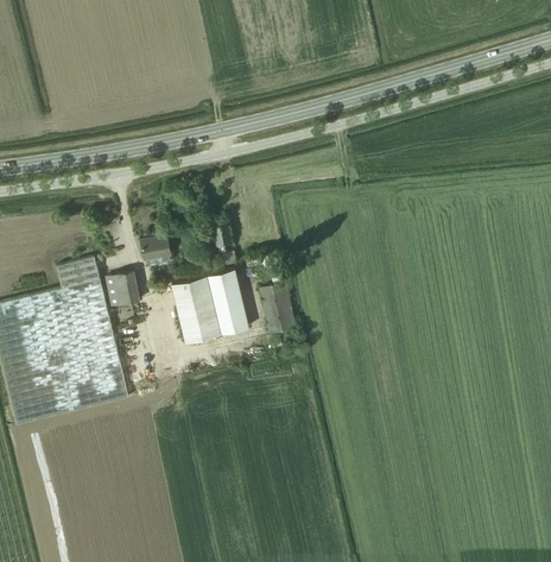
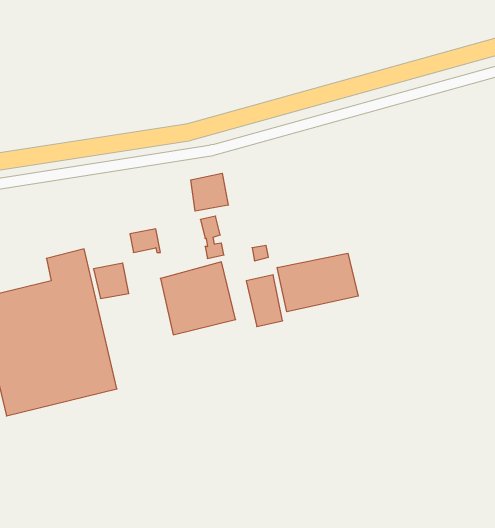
building: none -> [191,173,228,211]
building: none -> [277,253,358,312]

